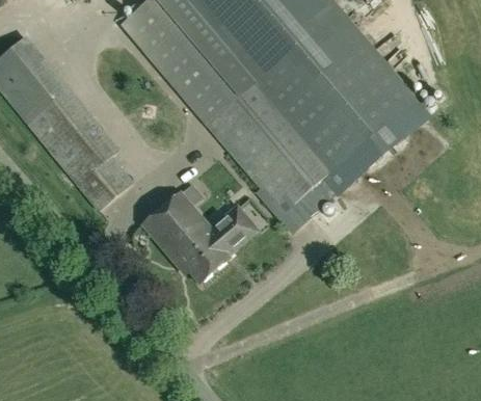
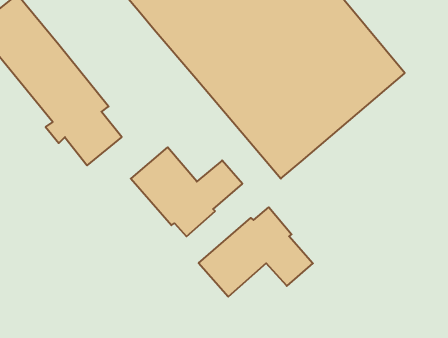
building: none -> [199,207,313,297]

